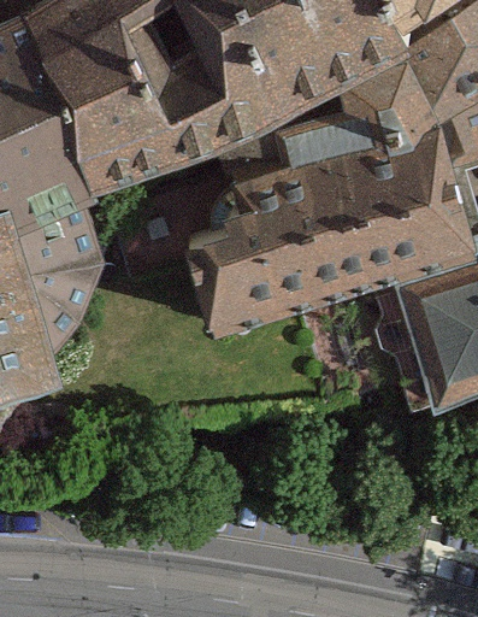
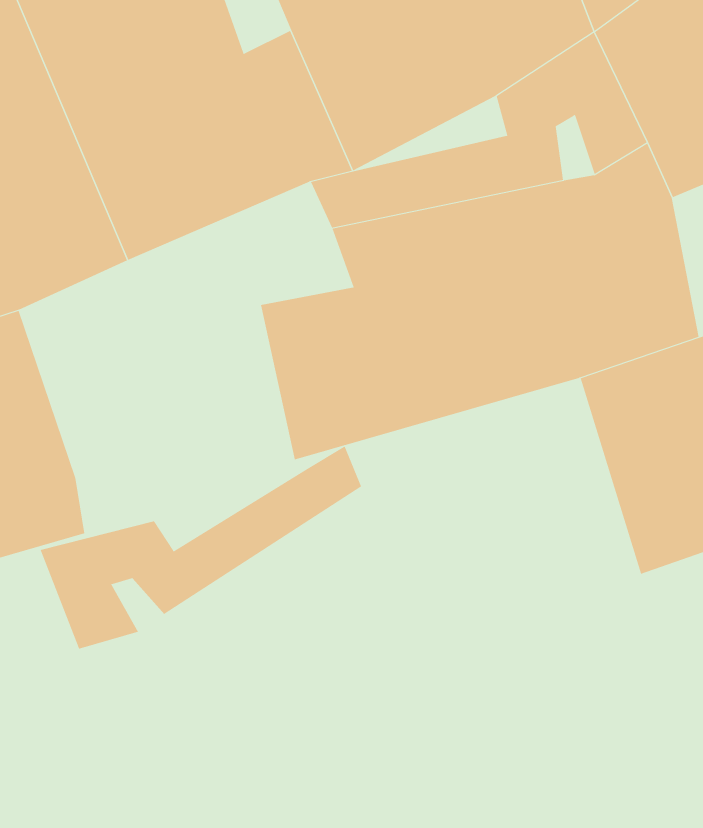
building: [16,204,100,351] -> none
building: none -> [40,446,362,649]

